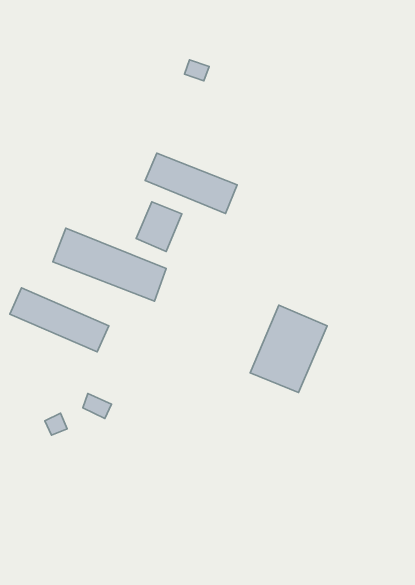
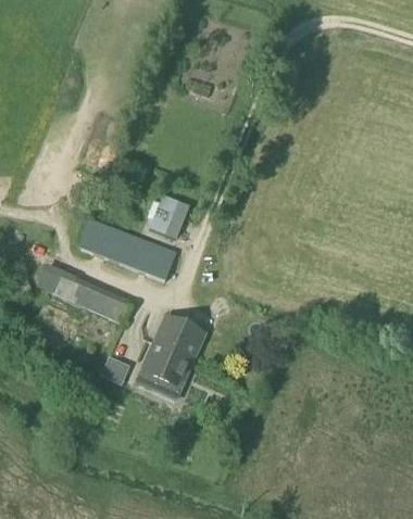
building: [145,153,237,214] -> none
building: [250,305,327,392] -> [140,314,204,387]

